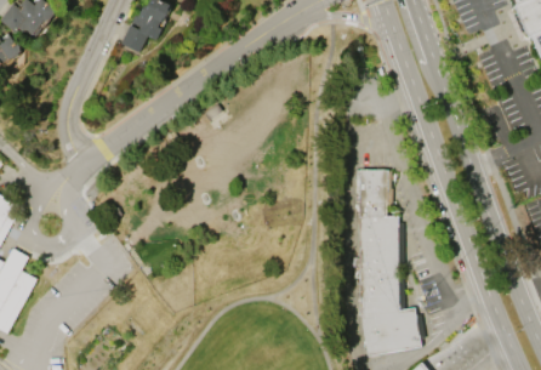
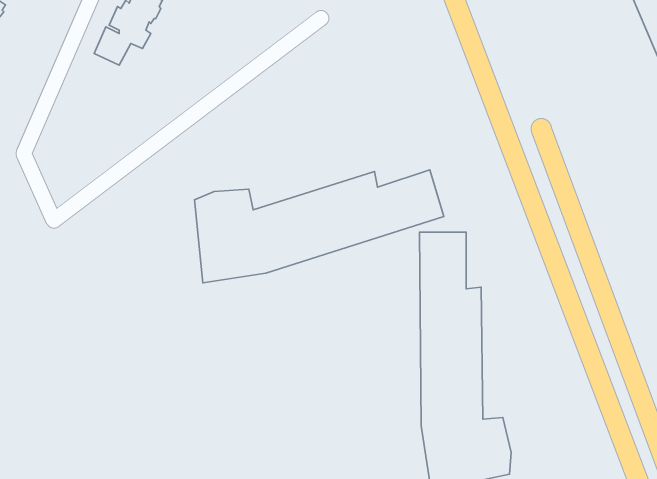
building: none -> [195,170,444,283]

